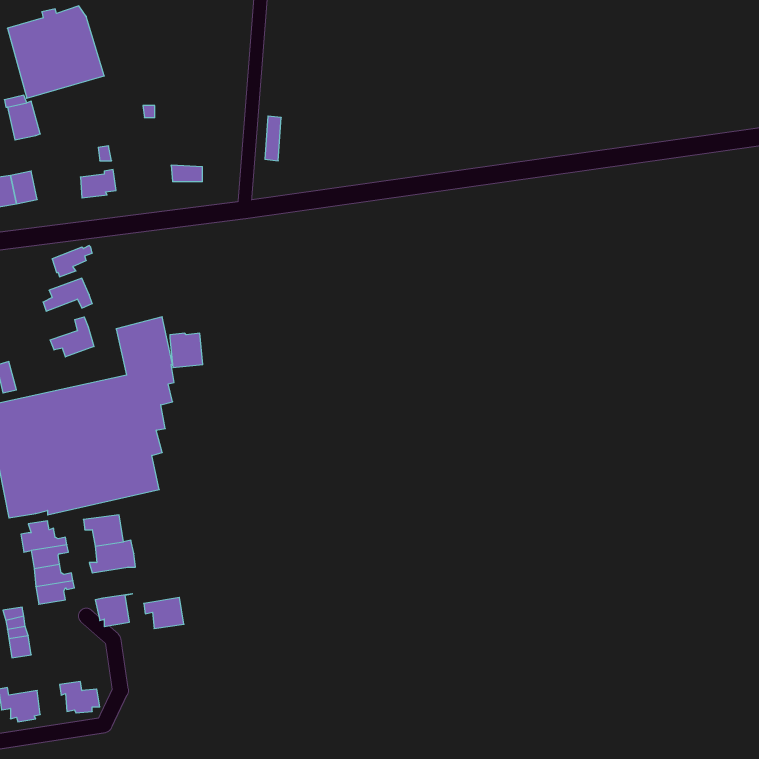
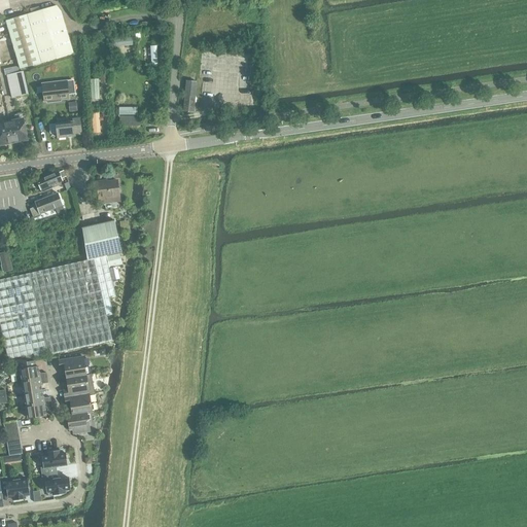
building: none -> [41,79,74,102]
building: [50,317,94,357] -> none
building: [170,333,203,368] -> [96,179,118,203]
building: [144,597,184,629] -> [64,392,92,414]
building: none -> [40,450,66,473]

